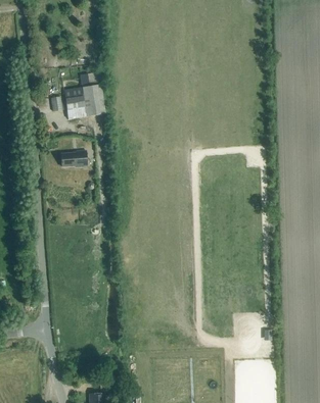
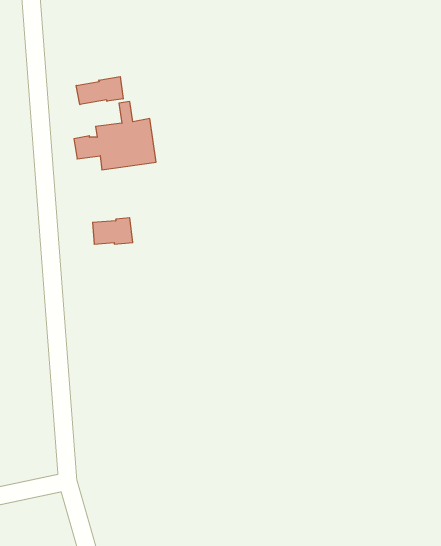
building: none -> [76,77,123,105]

